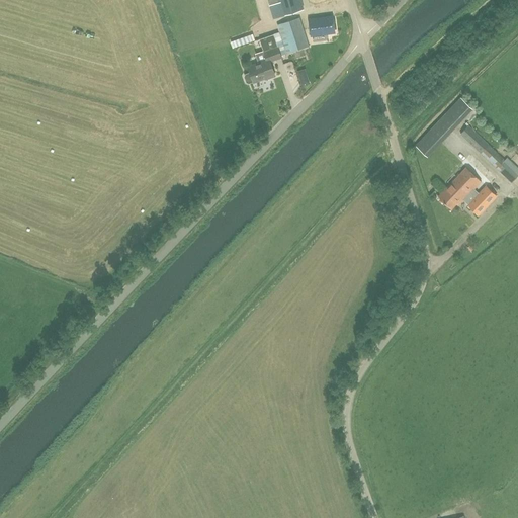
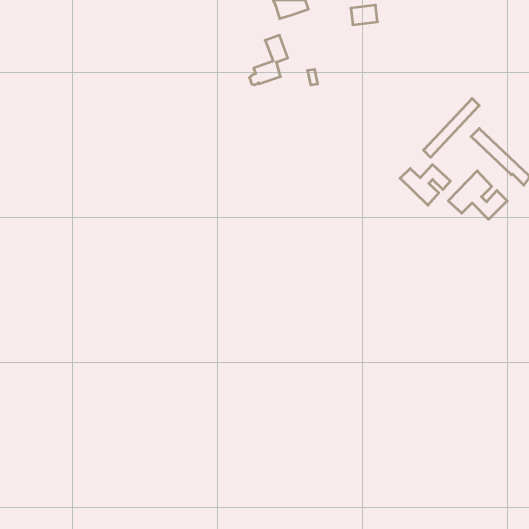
building: [309,16,335,35] -> [351,5,378,25]
building: [277,18,308,54] -> none
building: none -> [400,165,450,205]

